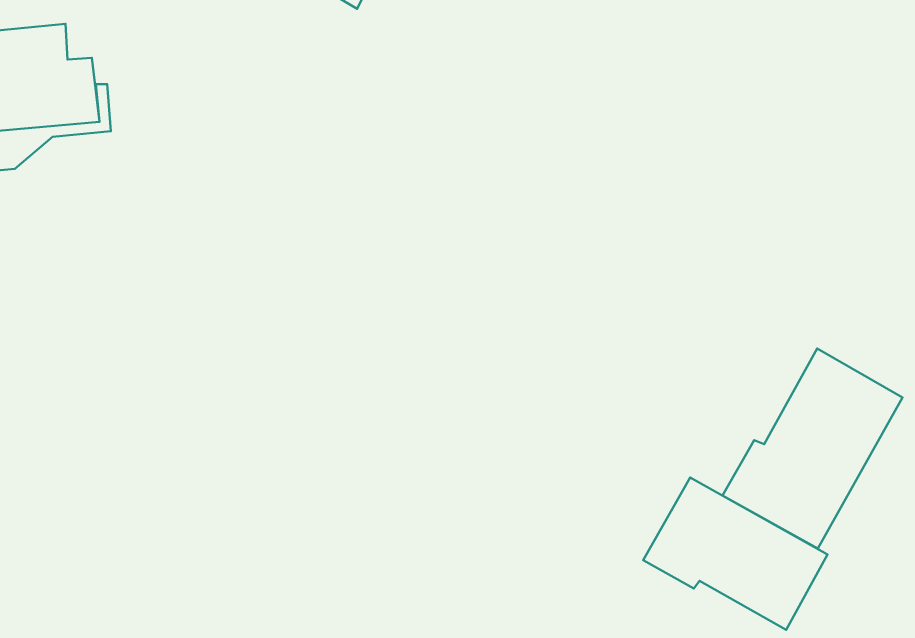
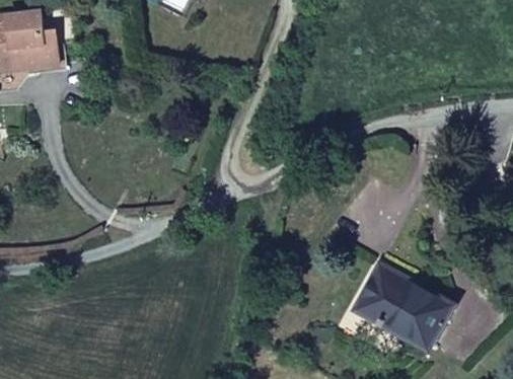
building: [722,349,903,549] -> none

